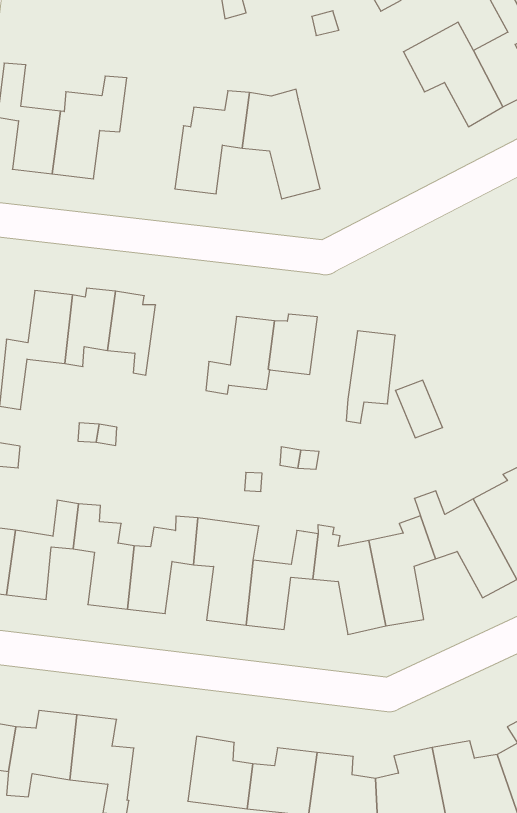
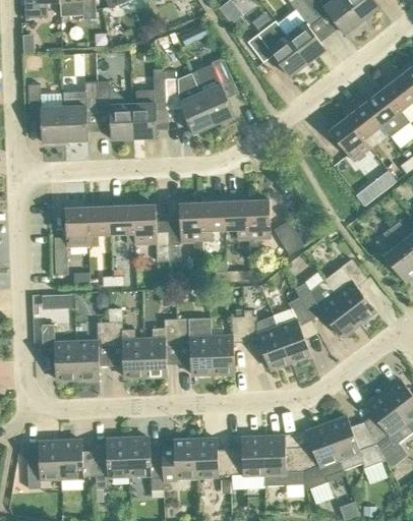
building: none -> [193,57,235,125]
building: none -> [97,81,133,139]
building: none -> [133,204,169,262]
building: none -> [224,195,248,240]
building: none -> [162,440,196,481]

